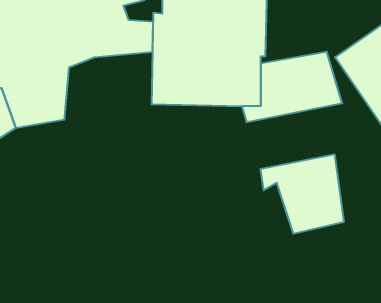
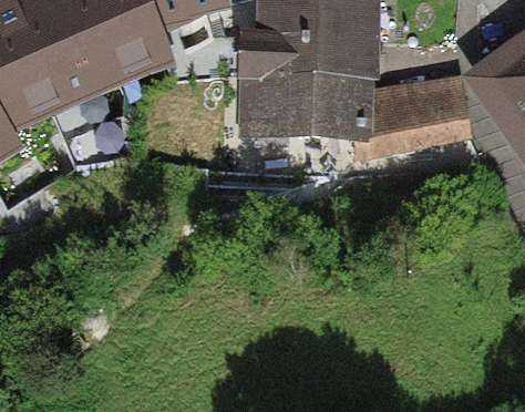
building: [260,154,344,234] -> none

